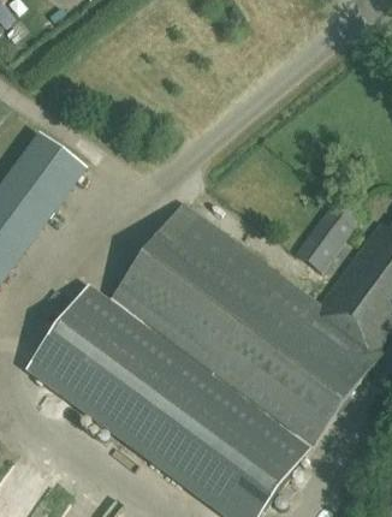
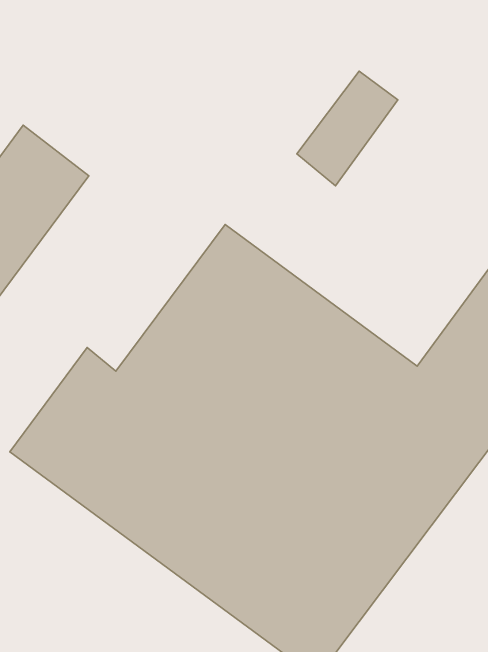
building: [291,194,363,275] -> [297,71,398,186]

